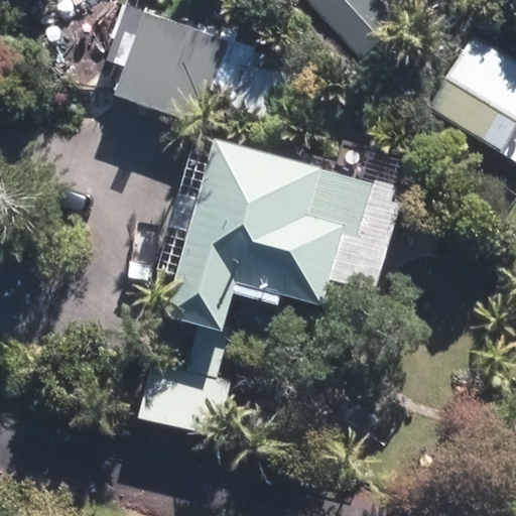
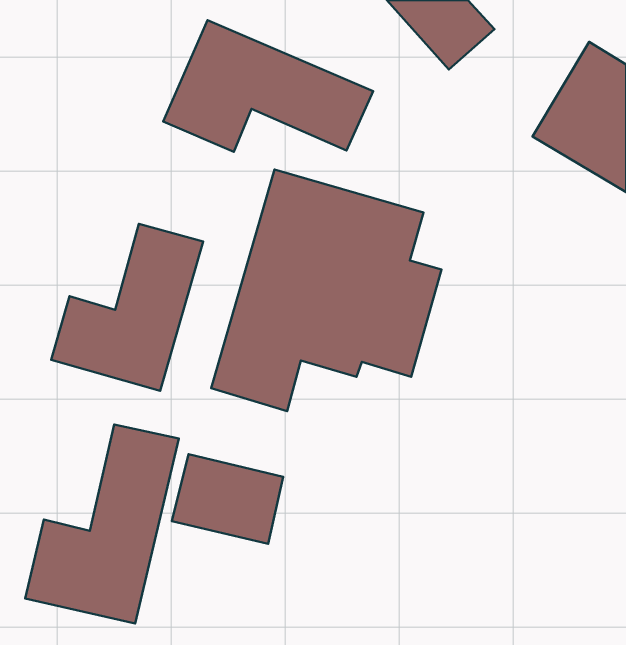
building: none -> [51,224,203,391]
building: none -> [25,424,179,623]

